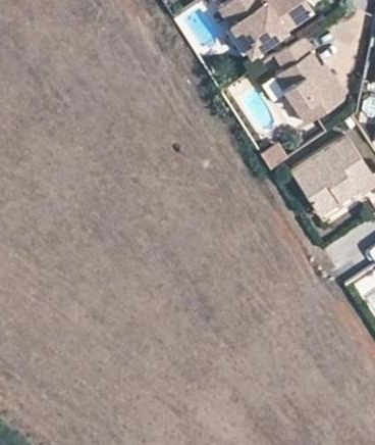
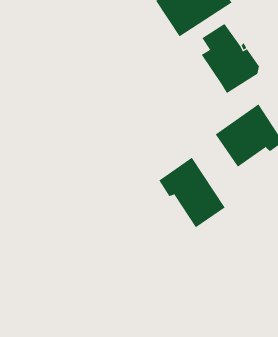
building: none -> [158,157,226,228]

